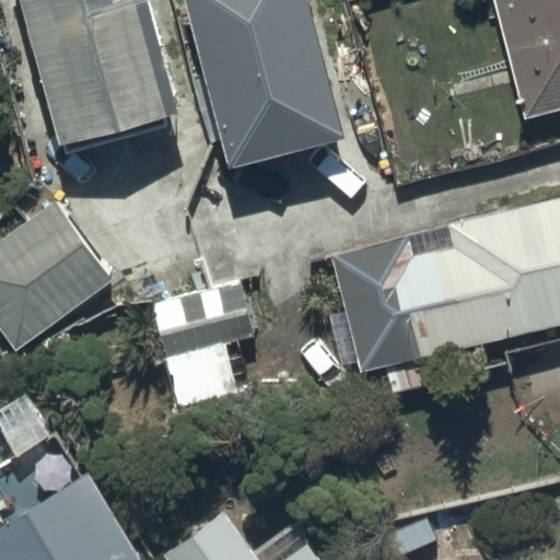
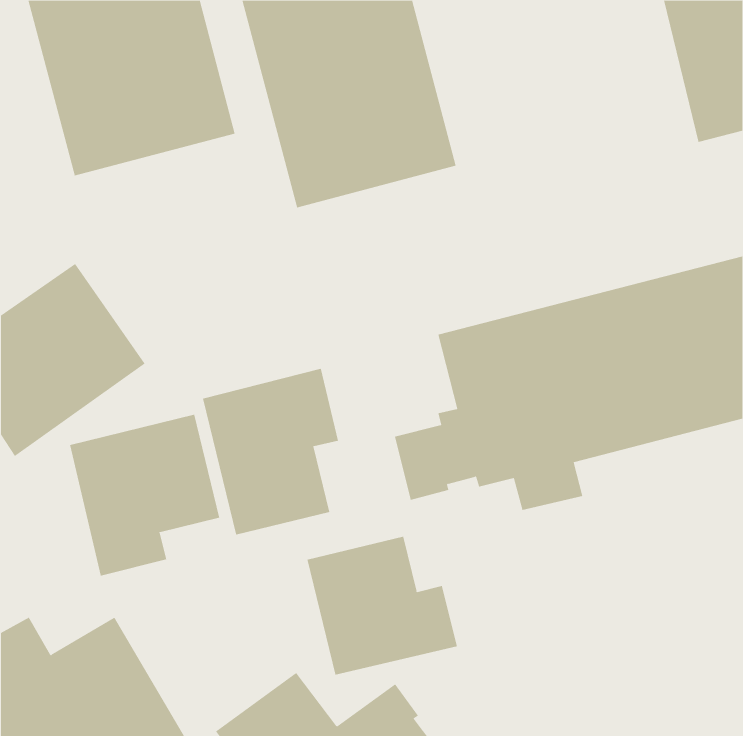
building: none -> [70,414,220,576]
building: none -> [307,536,458,676]

